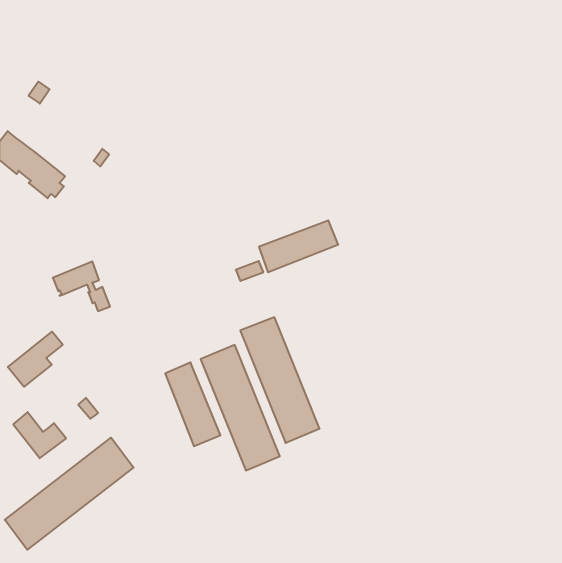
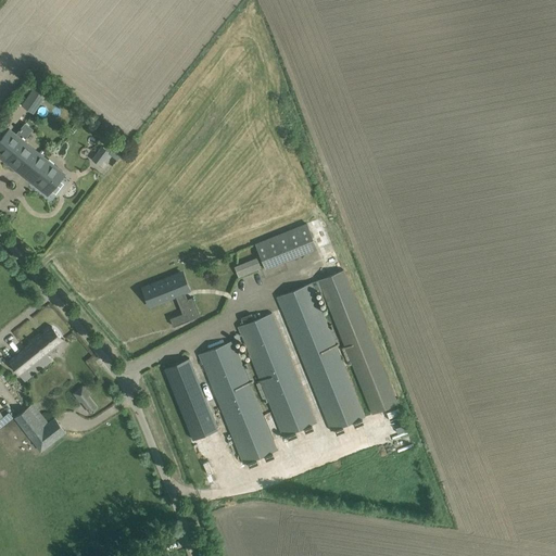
building: [53,261,110,311] -> [142,271,199,320]
building: none -> [276,269,396,431]
building: [5,438,134,550] -> none

